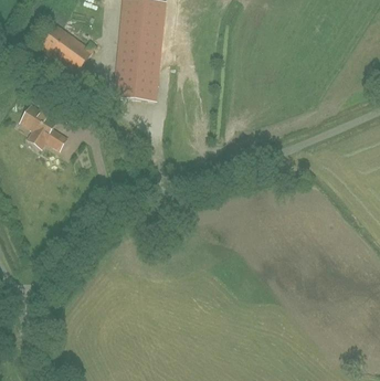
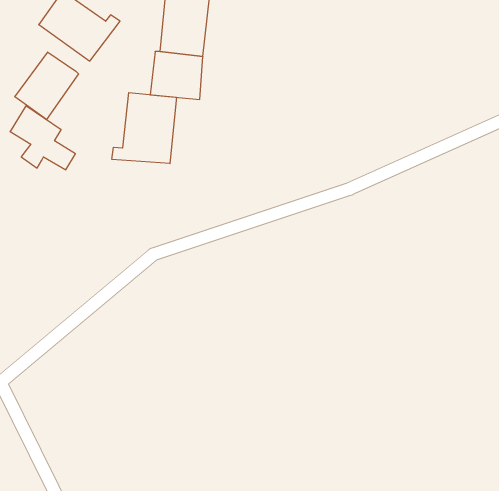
building: none -> [15,52,79,120]
building: none -> [112,93,176,164]

